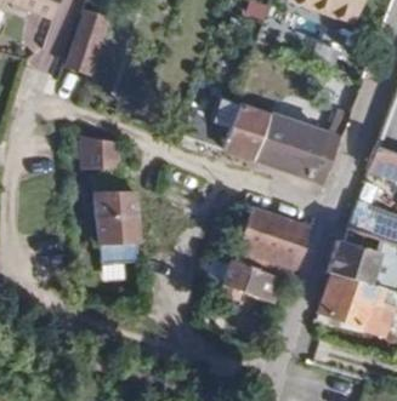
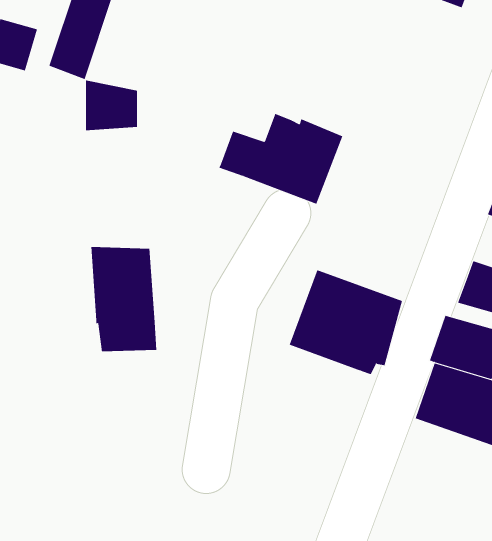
building: [253,114,341,184] -> none
building: [84,134,120,170] -> [85,80,138,131]
building: [225,258,283,300] -> none

